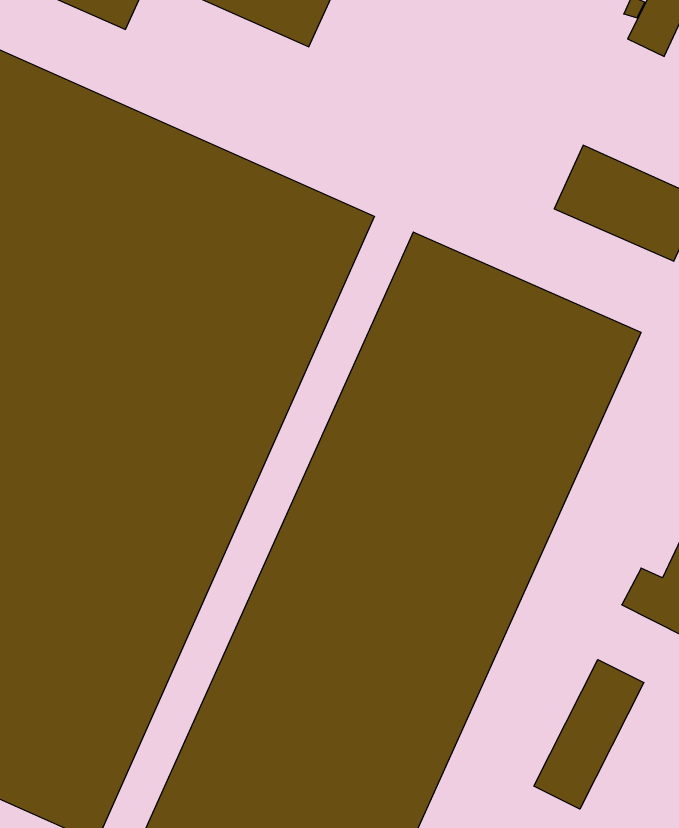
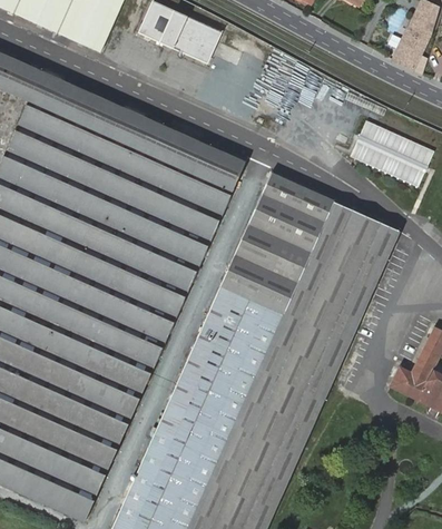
building: [534,660,644,809] -> none

